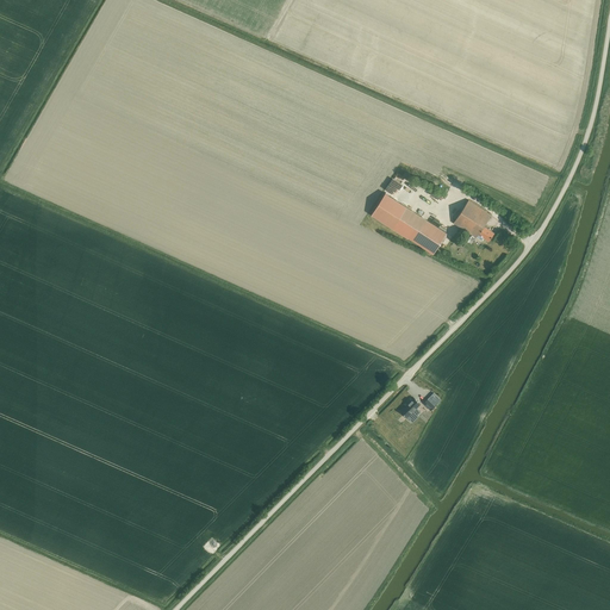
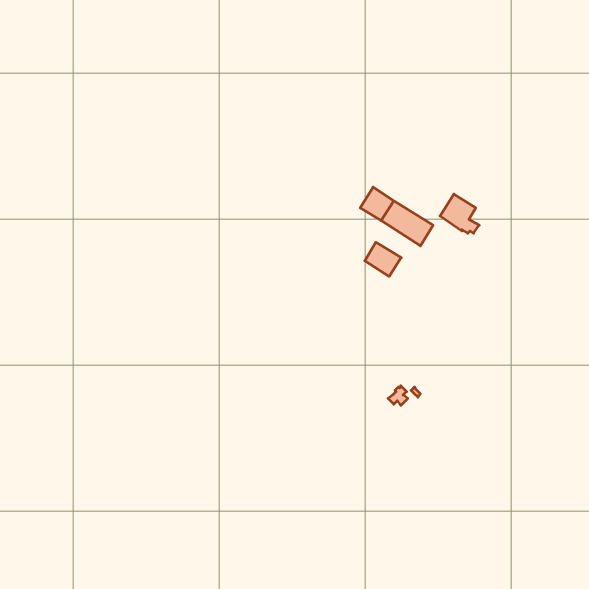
building: none -> [365,242,401,276]

